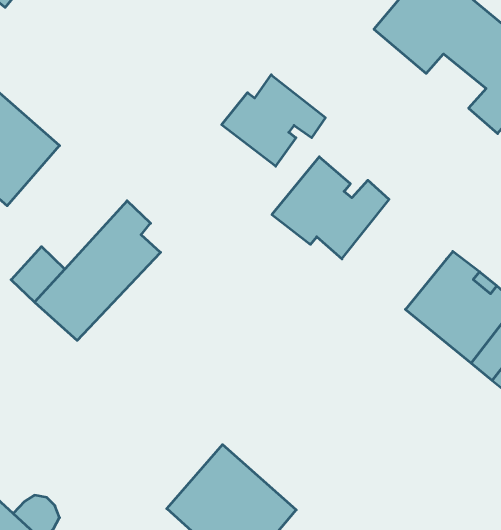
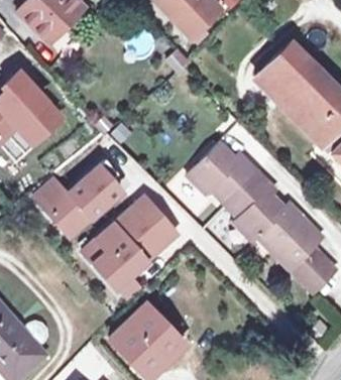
building: [222,75,325,166] -> none
building: none -> [225,172,285,241]
building: none -> [84,204,176,286]

